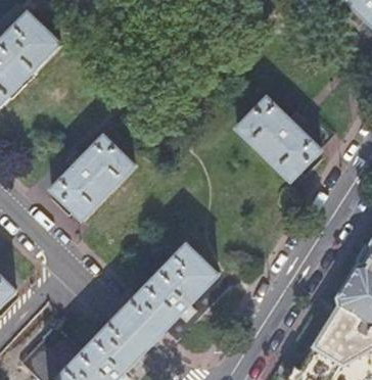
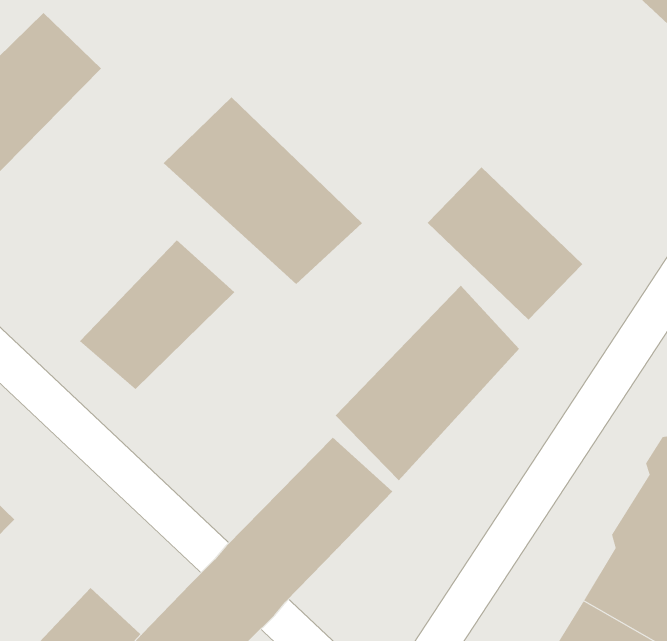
building: none -> [163,97,363,285]
building: none -> [335,285,520,481]

